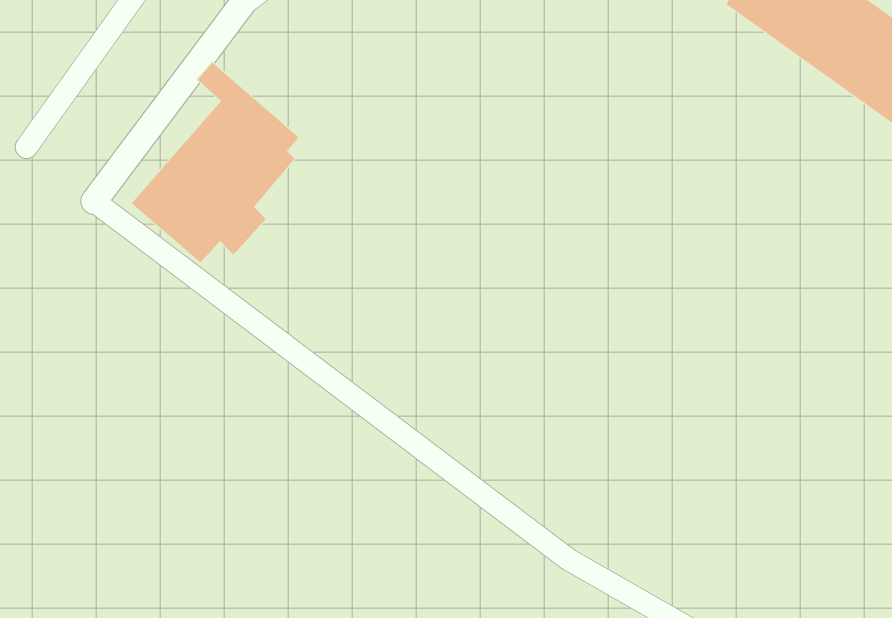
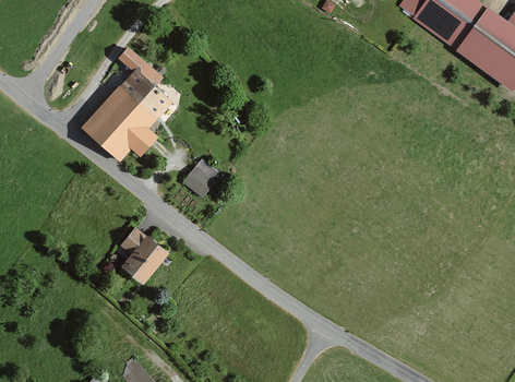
building: none -> [182,162,218,198]
building: none -> [120,227,167,284]

